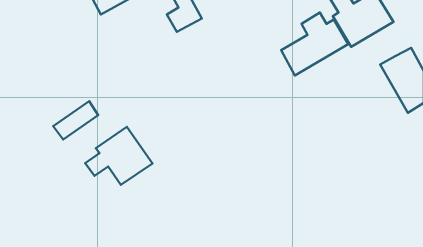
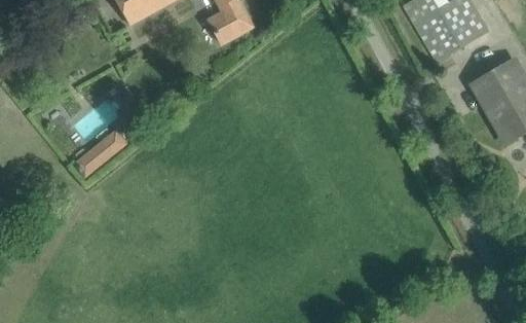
building: [281,13,348,75] -> none
building: [85,127,153,185] -> none

